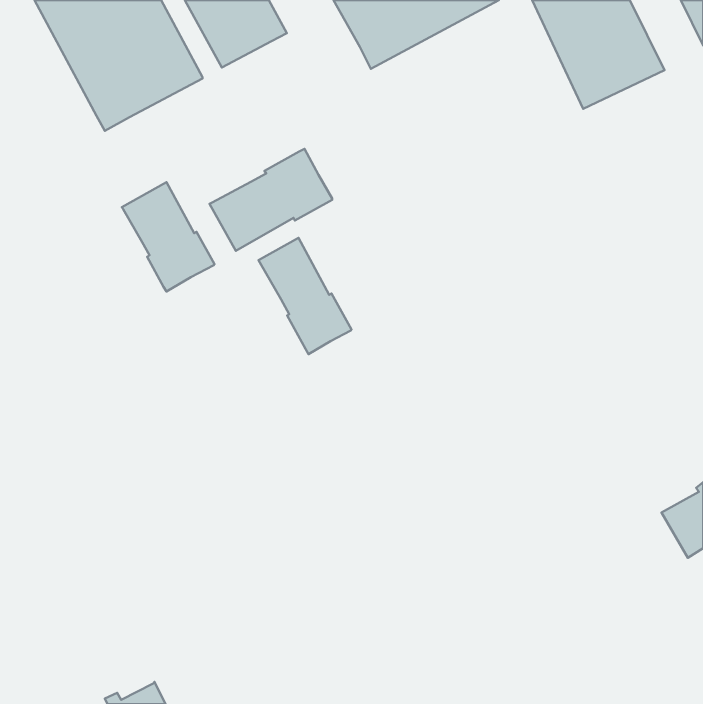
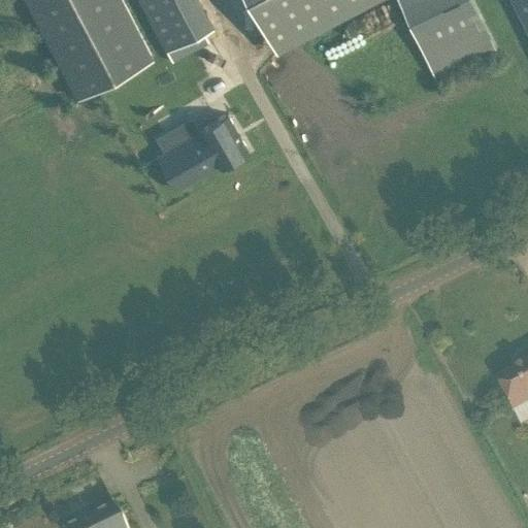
building: [122,182,215,291] -> none
building: [258,238,352,354] -> none

